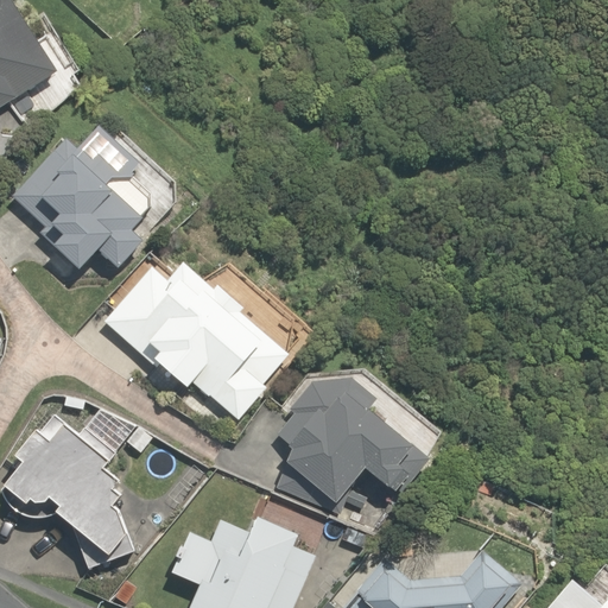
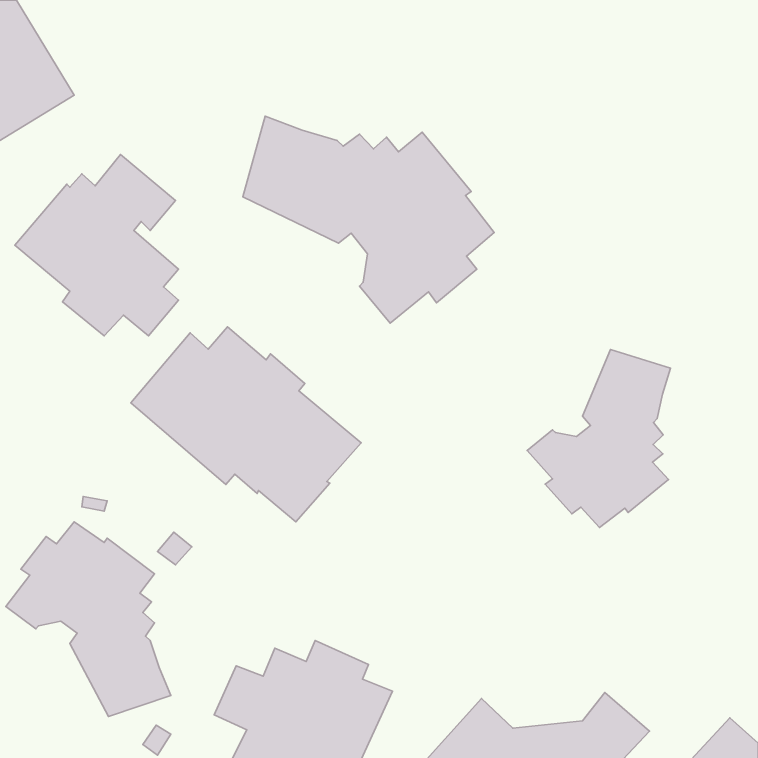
building: none -> [243,116,494,323]
building: none -> [527,350,671,527]
building: [276,379,430,514] -> none

